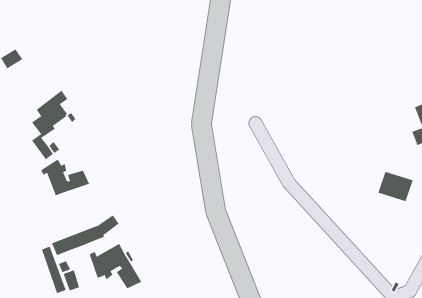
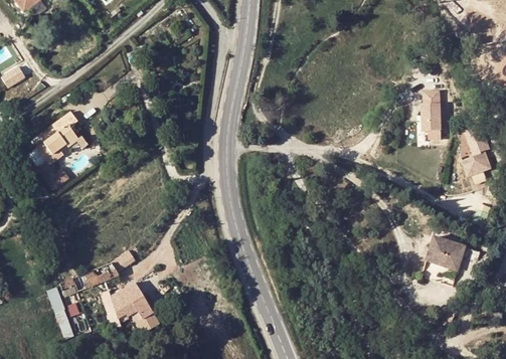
building: none -> [418,91,439,139]
building: [40,159,90,196] -> none
building: [377,171,414,202] -> [427,236,467,271]

